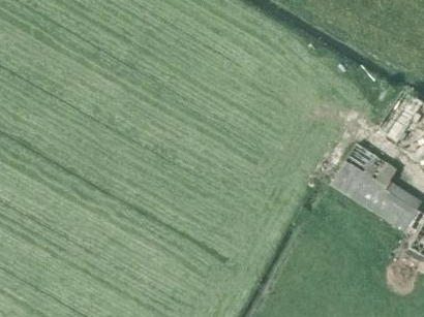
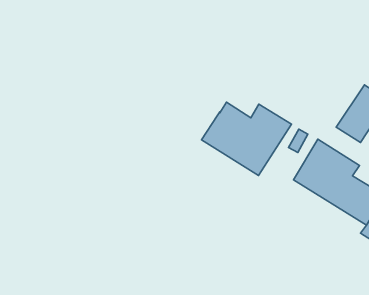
building: none -> [202,102,292,175]

